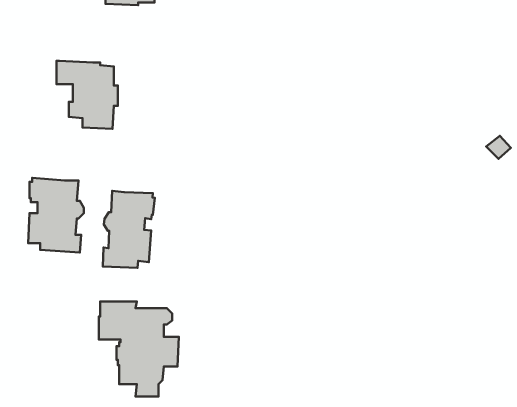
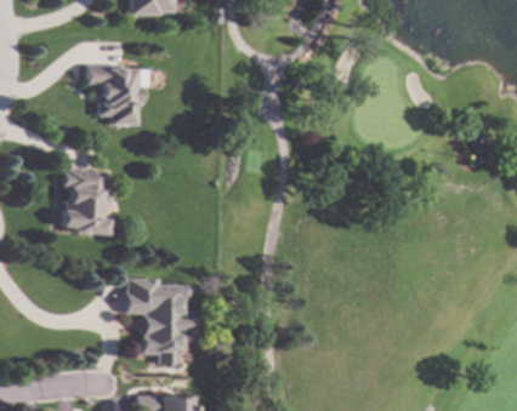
building: [103,191,155,268] -> none

